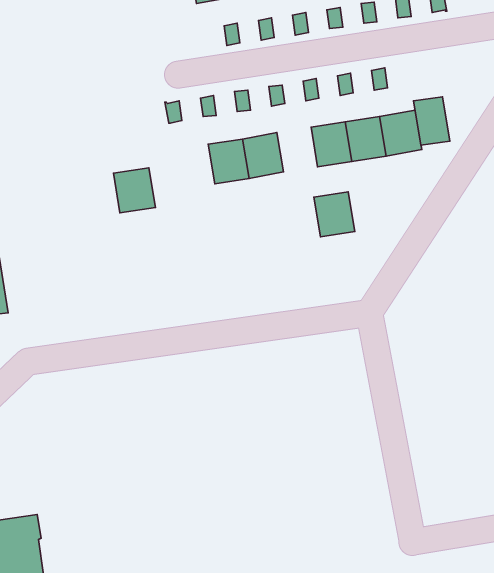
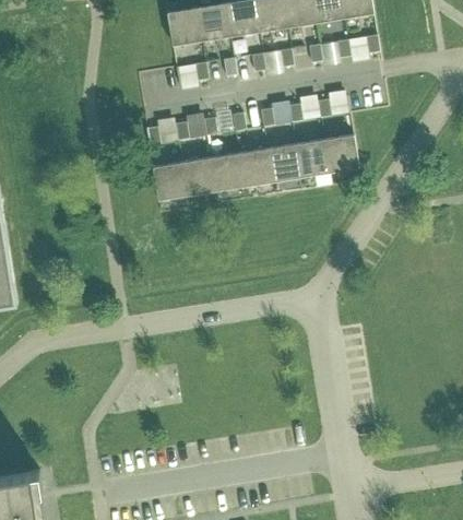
building: [414,97,450,145] -> none
building: [113,168,156,213] -> [153,163,188,200]
building: [314,192,355,237] -> [239,149,273,186]

